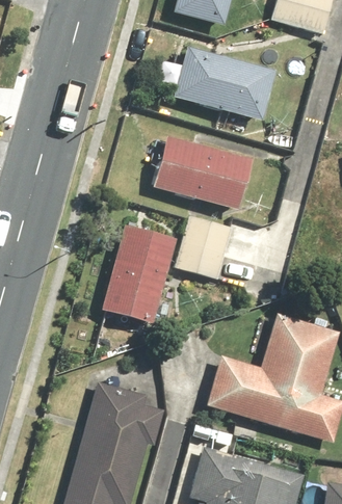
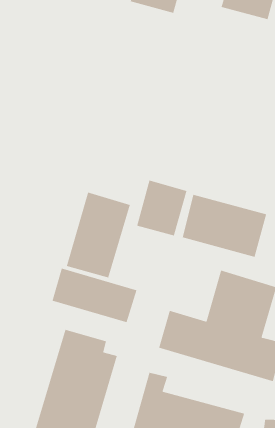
building: [174,48,273,118] -> none
building: [154,135,251,208] -> [182,194,267,258]
building: none -> [51,267,137,323]

